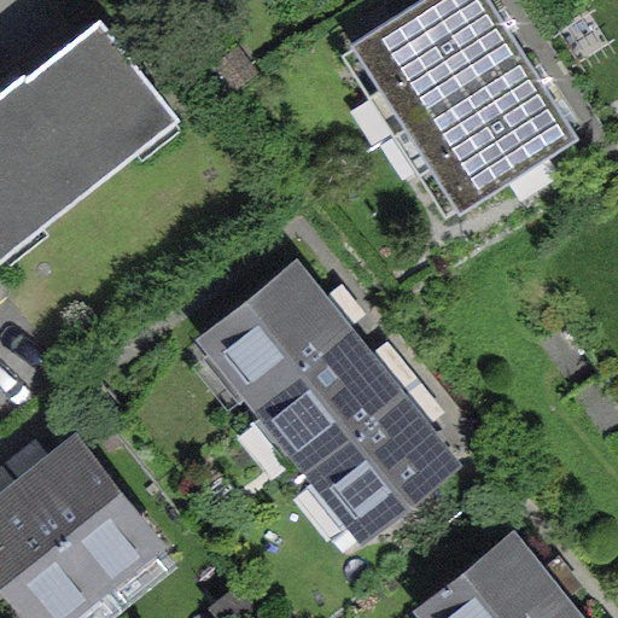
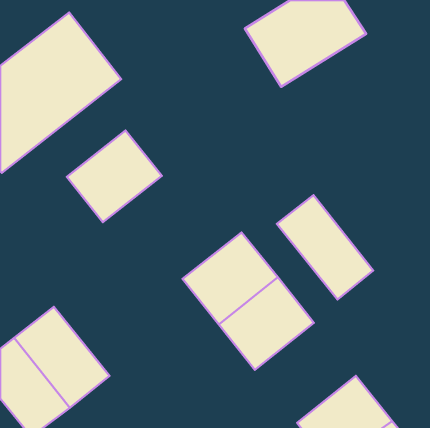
building: [403,52,577,211] -> none
building: [210,272,346,403] -> [67,130,162,222]
building: none -> [277,195,373,300]

